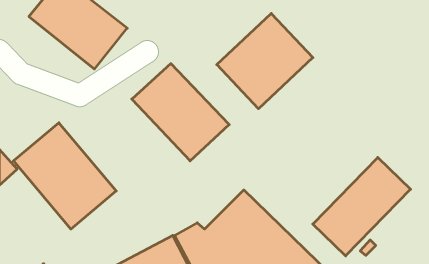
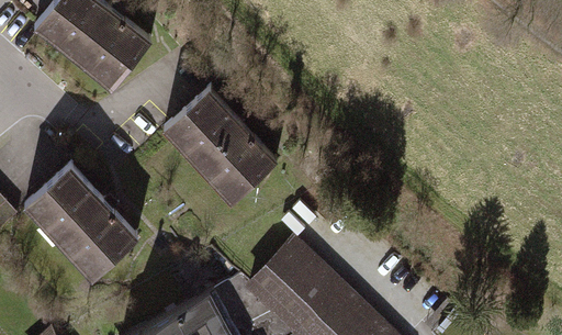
building: [217,13,313,109] -> none
building: [313,157,411,256] -> none

